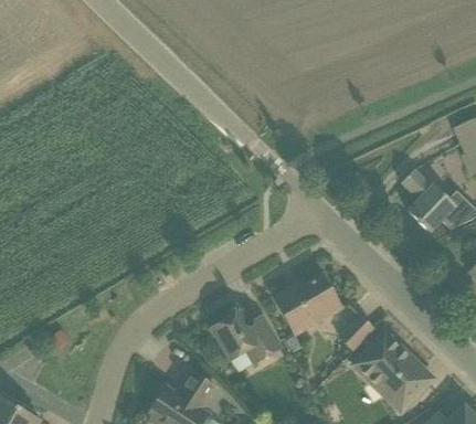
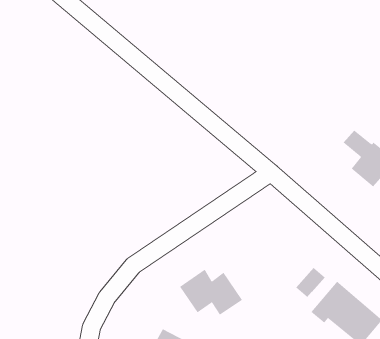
building: [275,275,342,333] -> none

